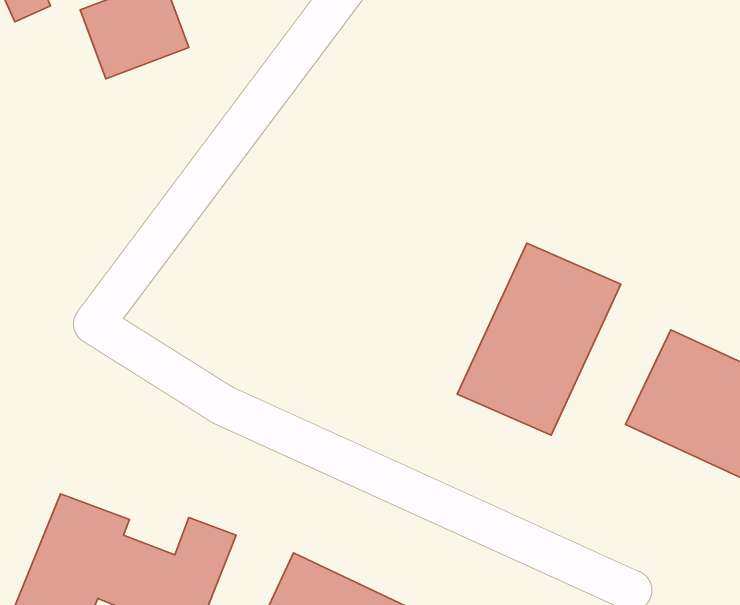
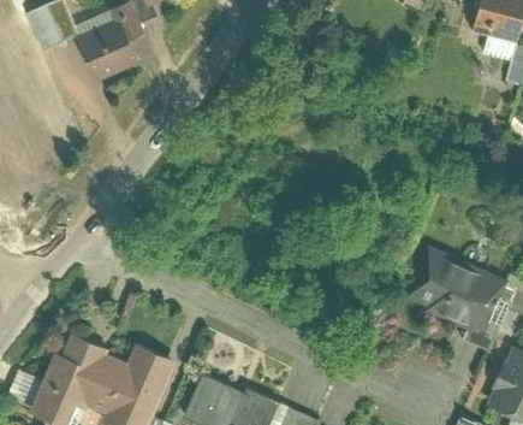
building: [457,243,621,435] -> none

